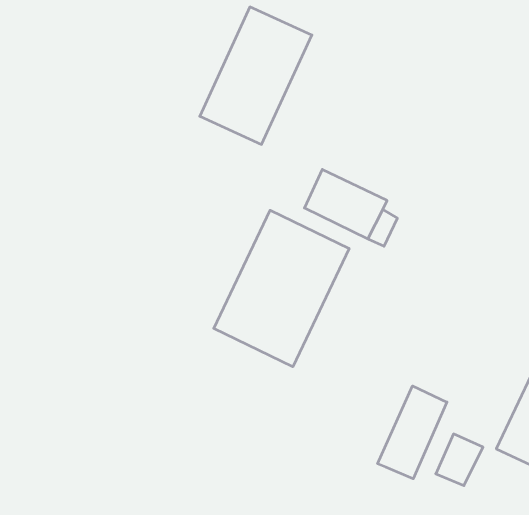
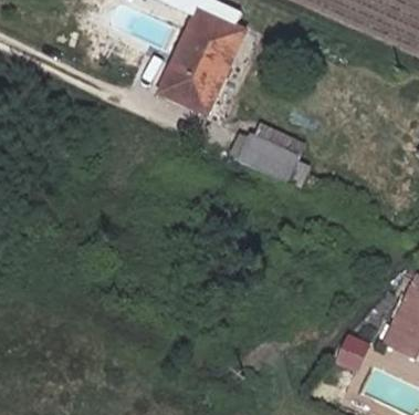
building: [214,210,349,367] -> none
building: [378,386,447,479] -> none

